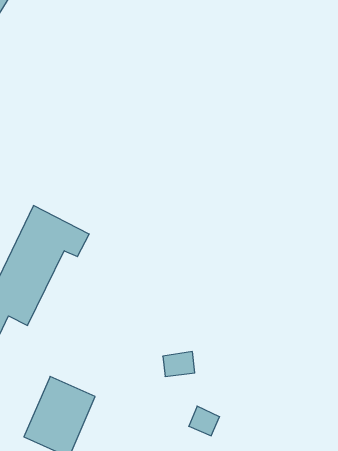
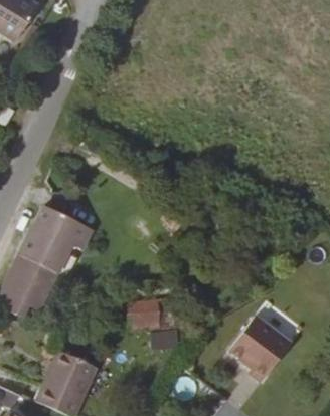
building: none -> [127,300,160,330]
building: none -> [229,316,292,382]

